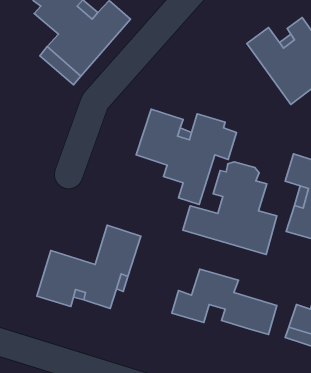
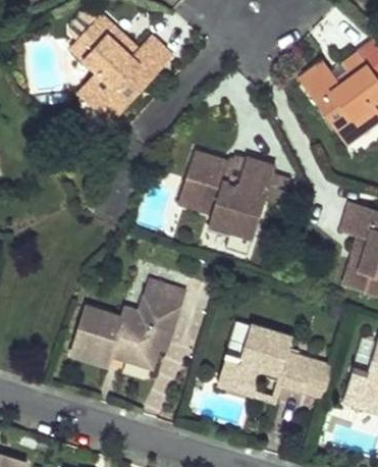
building: [183,162,277,255] -> none
building: none -> [215,364,276,399]

